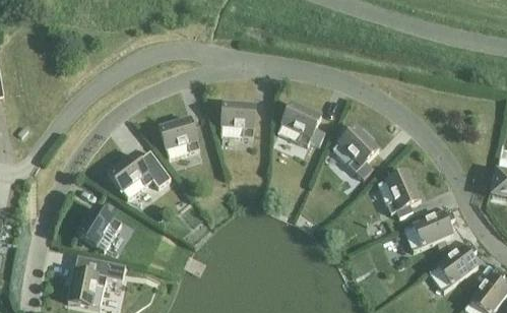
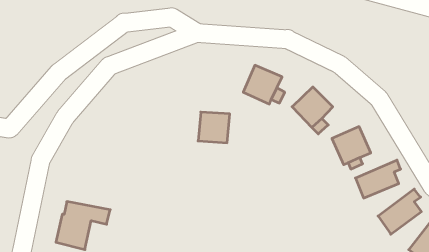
building: [219,103,255,137] -> [198,112,230,143]
building: [159,118,199,159] -> none
building: [108,151,169,198] -> none
building: [75,205,121,251] -> none

